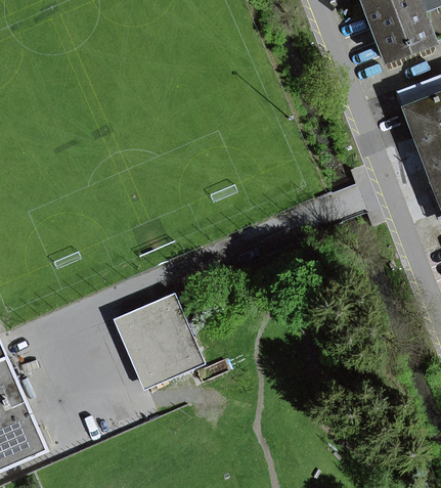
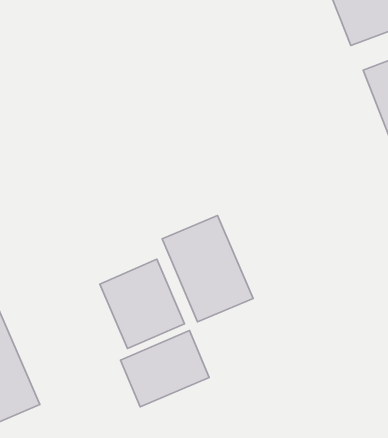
building: none -> [162,216,253,322]
building: none -> [121,331,209,407]

